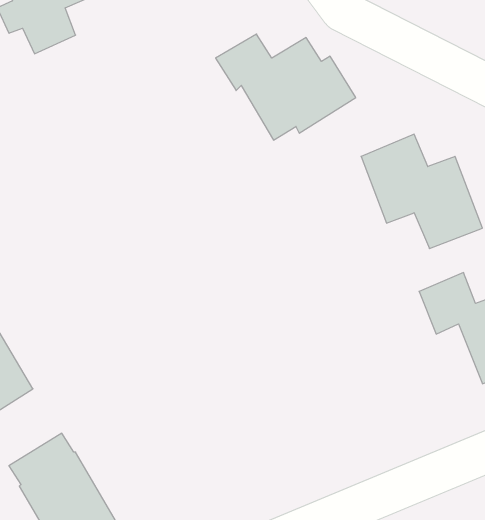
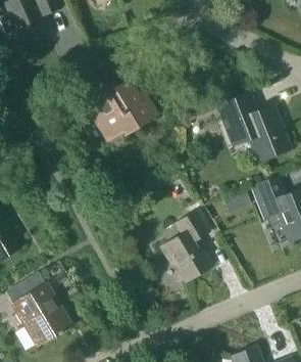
building: [216,34,356,140] -> [74,78,158,141]
building: none -> [159,211,210,282]

